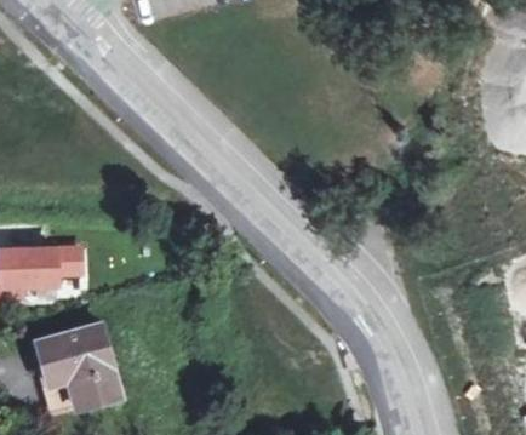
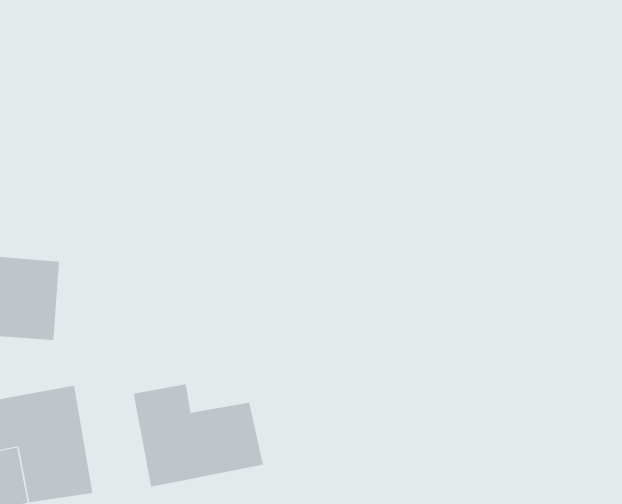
building: none -> [133,383,263,487]

